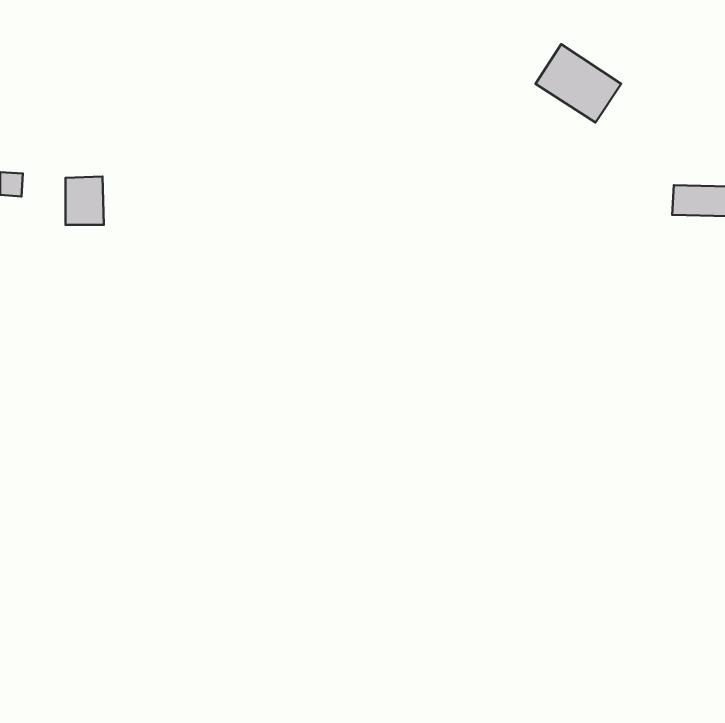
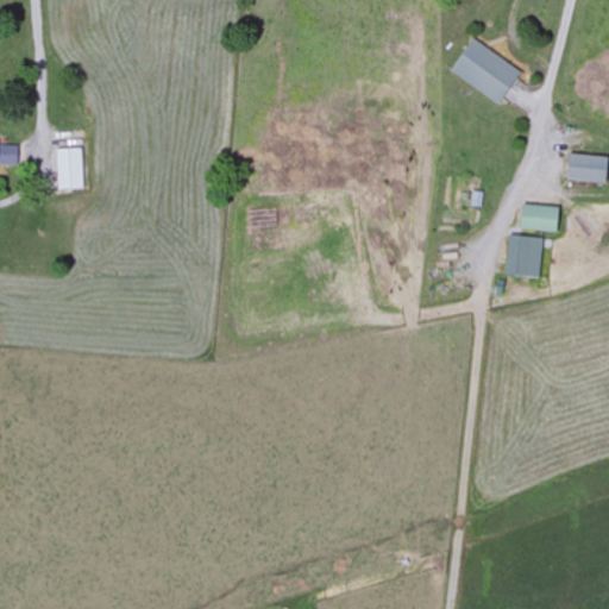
building: none -> [519,206,564,231]
building: none -> [507,236,541,276]

